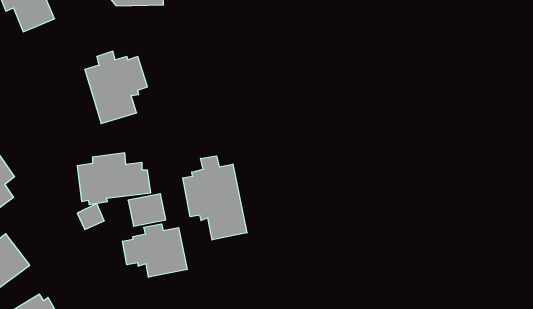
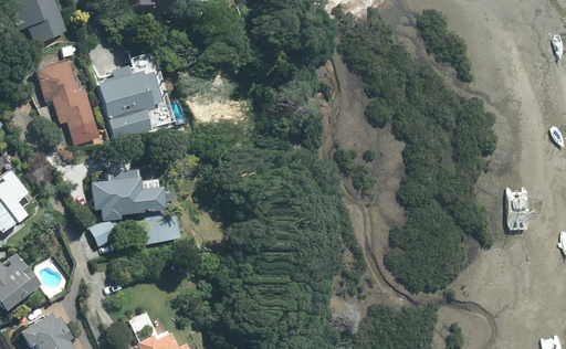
building: none -> [35,59,101,145]
building: [183,156,247,240] -> none
building: [123,224,187,277] -> none

